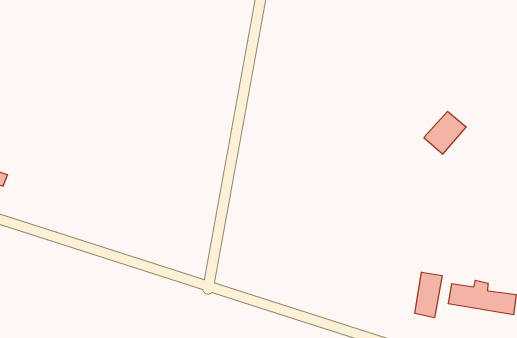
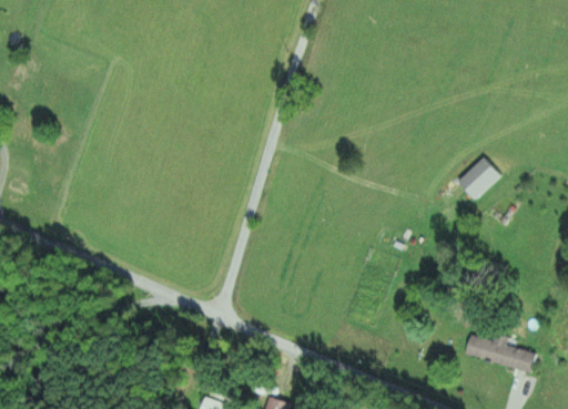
building: [415,272,442,318] -> none

